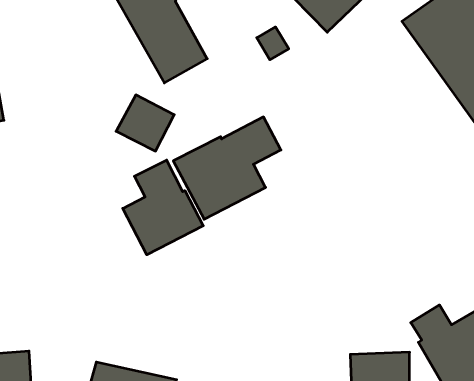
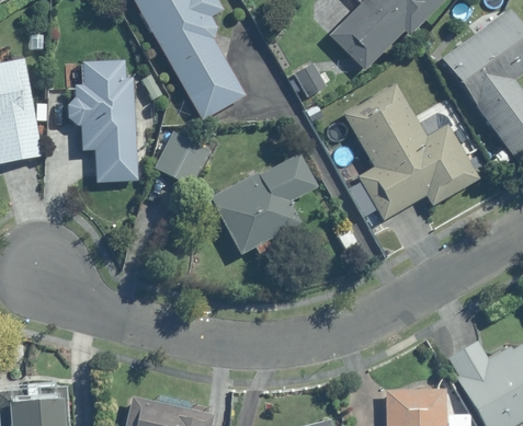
building: none -> [67,61,136,181]
building: none -> [343,83,479,219]
building: [123,160,203,255] -> none

